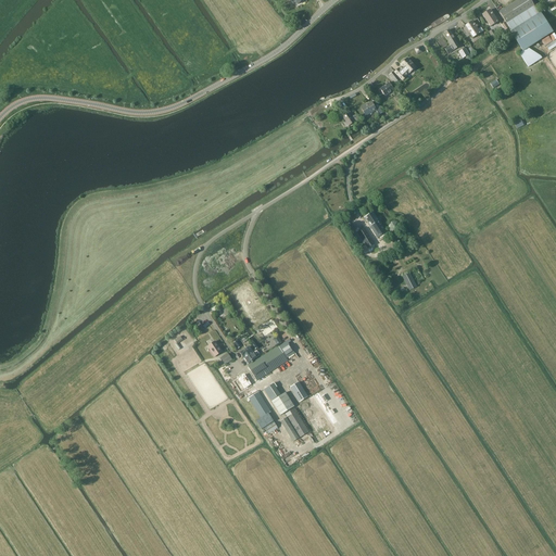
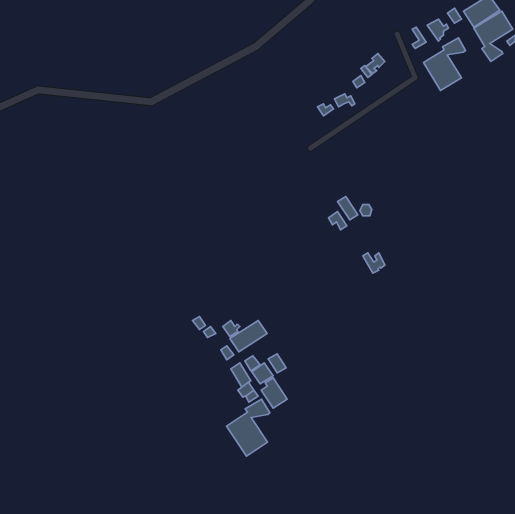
building: none -> [423,38,465,91]
building: none -> [226,399,270,456]

